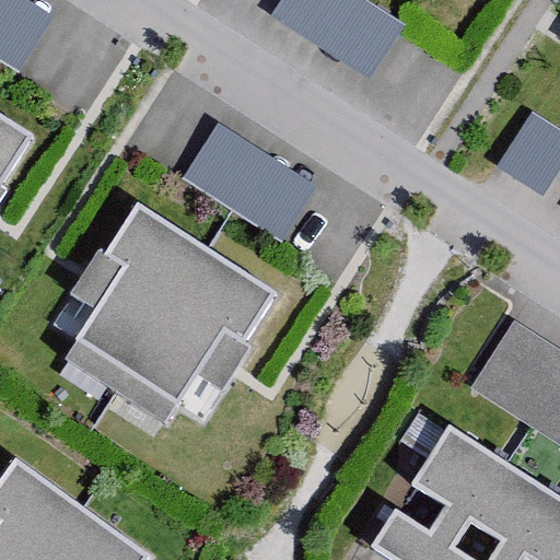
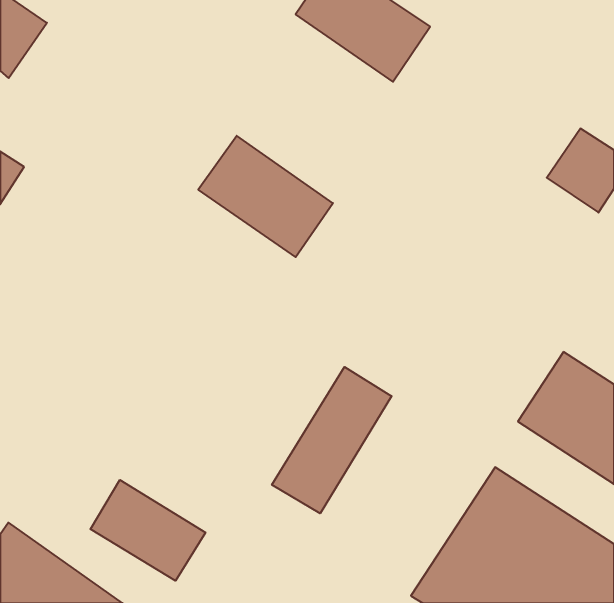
building: [69,223,272,424] -> none
building: none -> [272,367,392,513]
building: none -> [90,480,205,581]

